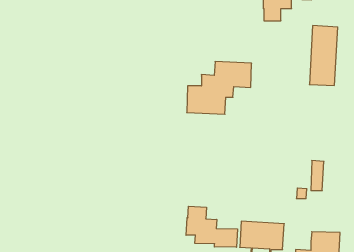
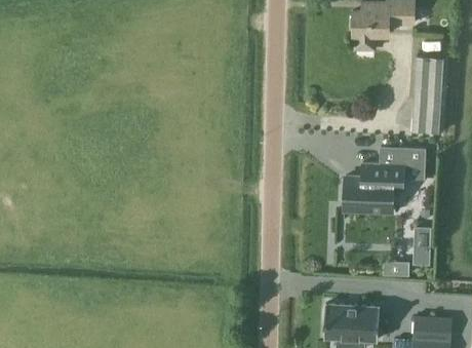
building: [187,62,252,114] -> [344,146,426,212]
building: [186,206,237,247] -> none

